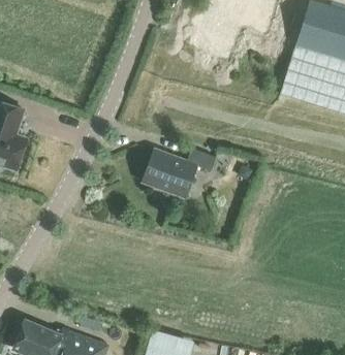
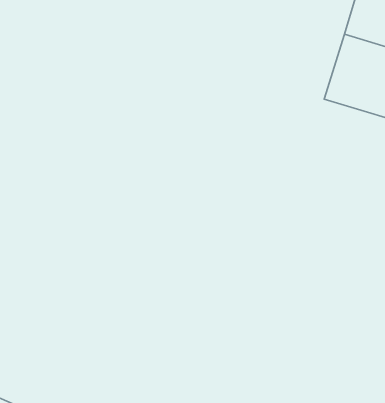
building: [142,150,215,199] -> none

